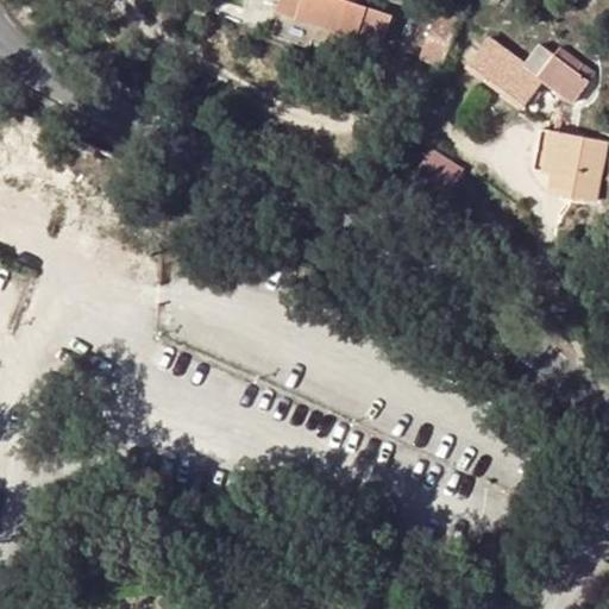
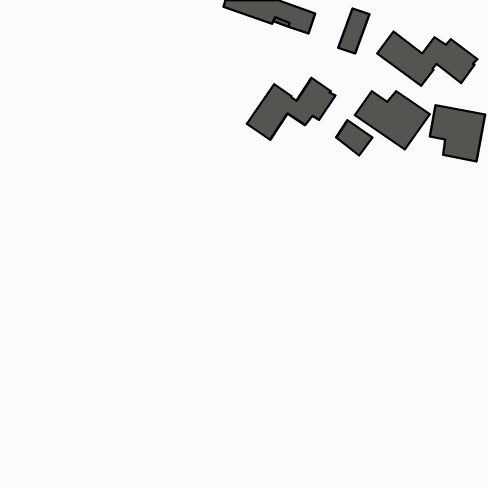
building: none -> [247,78,336,140]
building: none -> [355,91,430,150]

